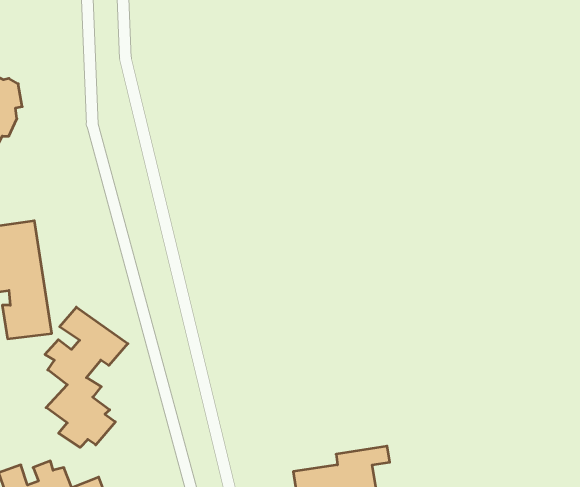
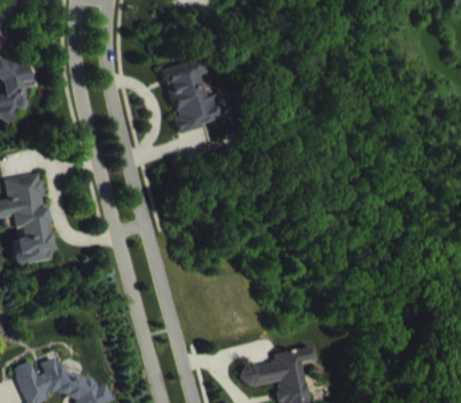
building: none -> [163,59,221,134]
building: [45,307,128,447] -> none

